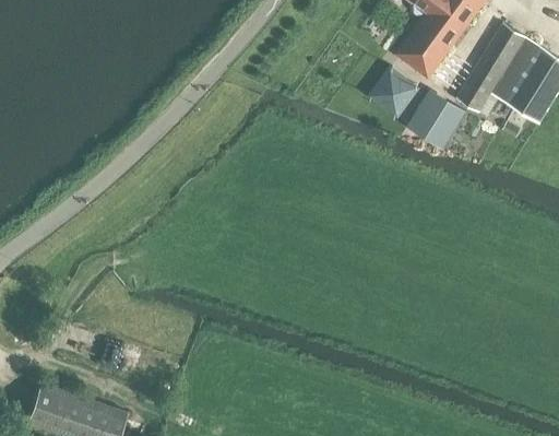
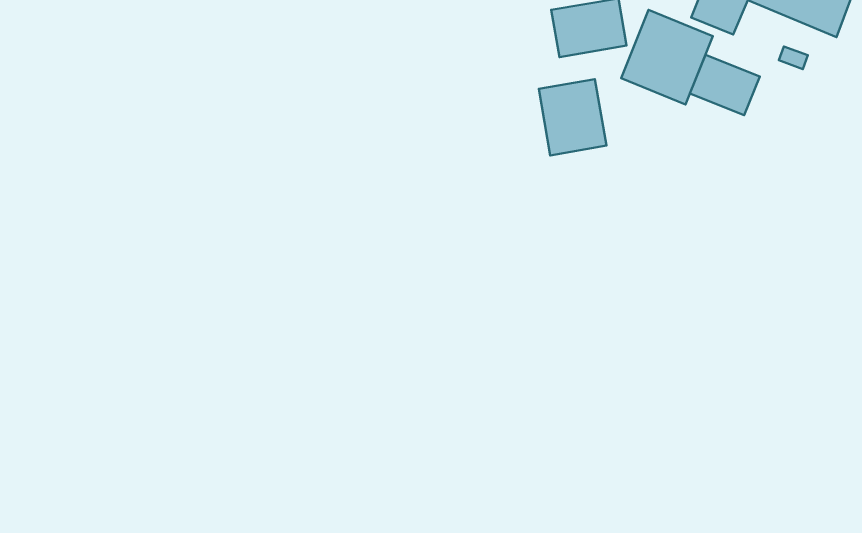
building: none -> [690,55,760,115]
building: none -> [539,79,606,155]

